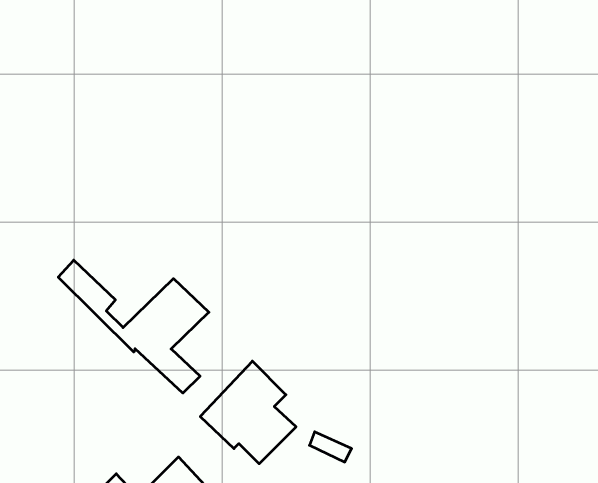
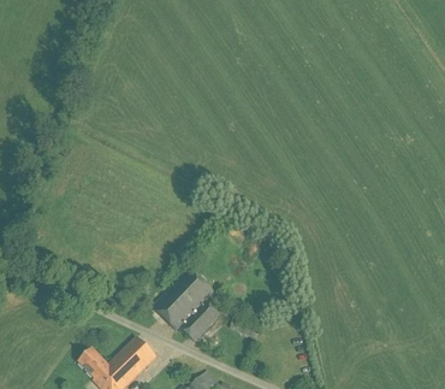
building: [58,260,209,393] -> none

